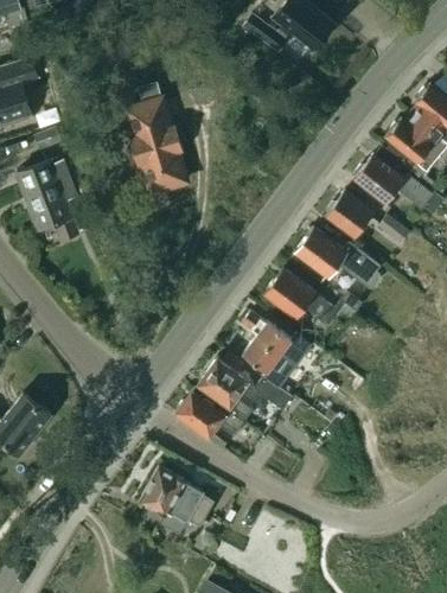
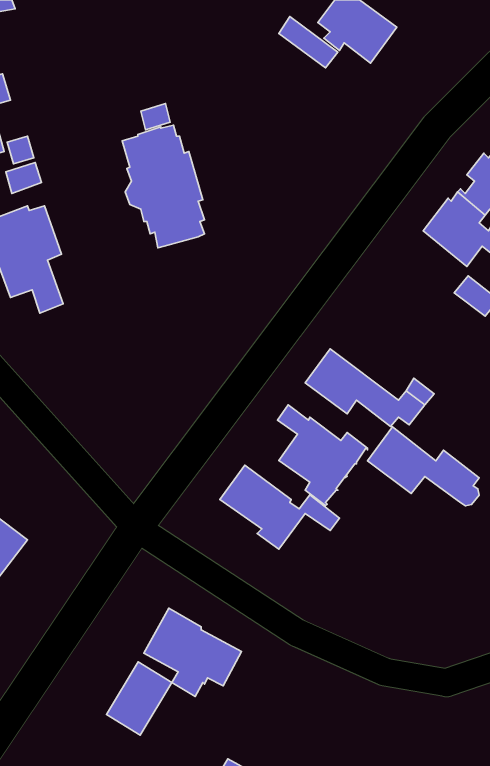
building: [325,191,372,238] -> none
building: [294,228,379,288] -> [368,427,479,506]
building: [175,389,243,438] -> none
building: none -> [107,662,172,735]

